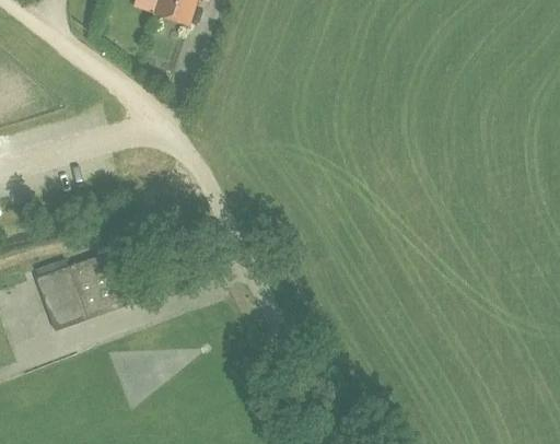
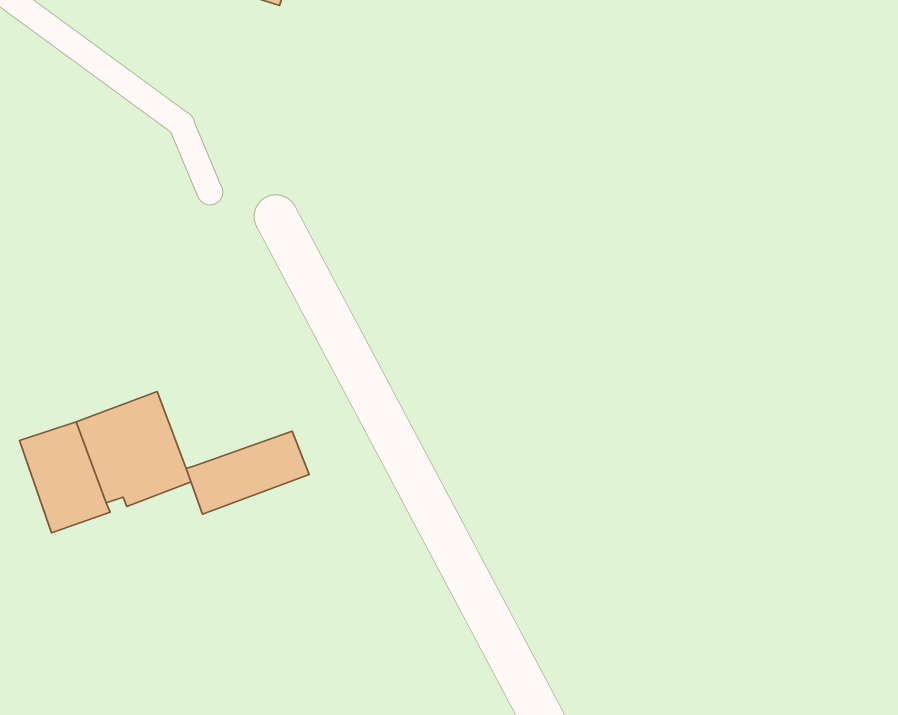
building: none -> [186,431,309,514]

